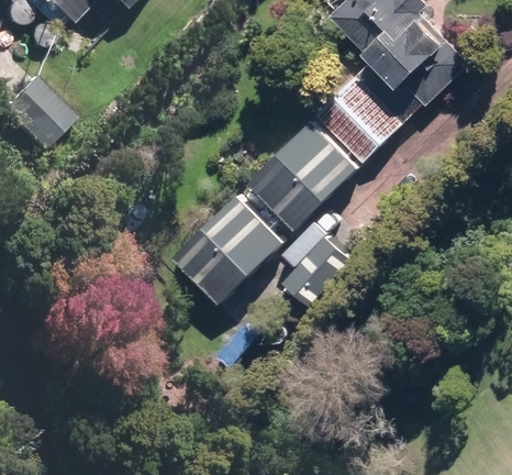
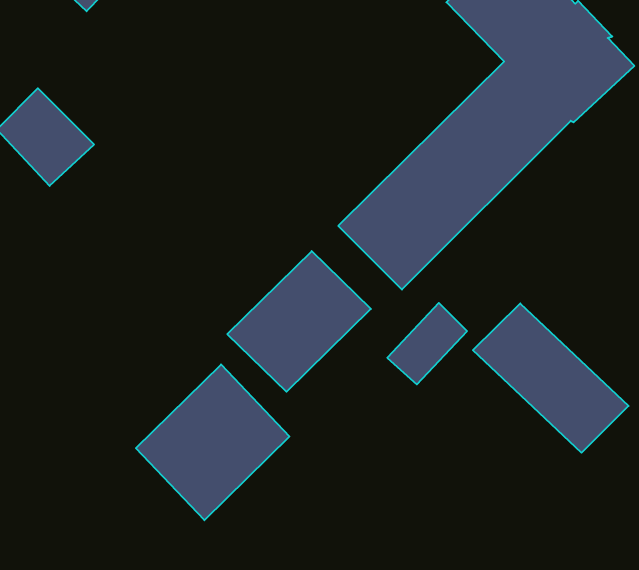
building: none -> [473,303,629,453]
building: none -> [136,364,289,520]

